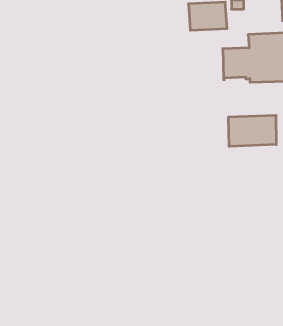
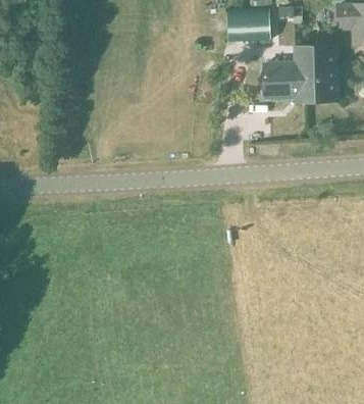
building: [229,115,276,146] -> none

